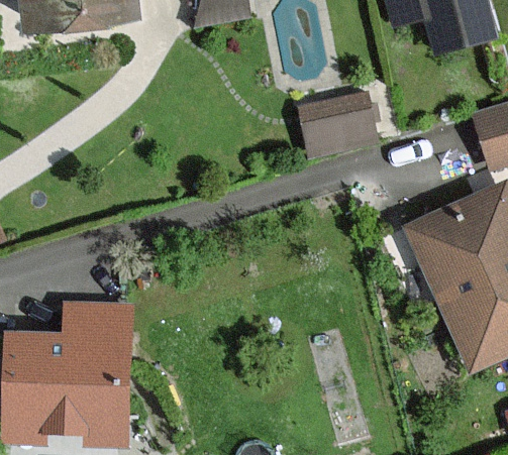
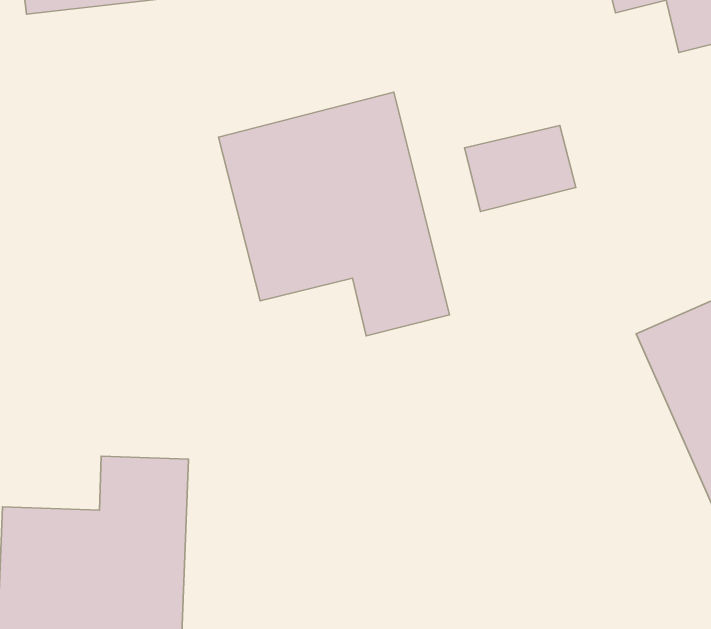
building: none -> [219,92,450,336]

